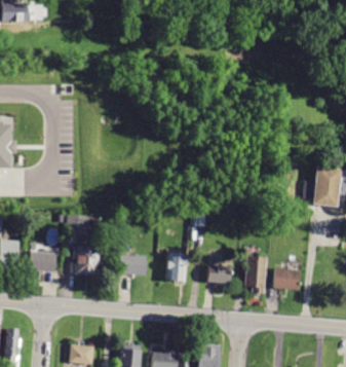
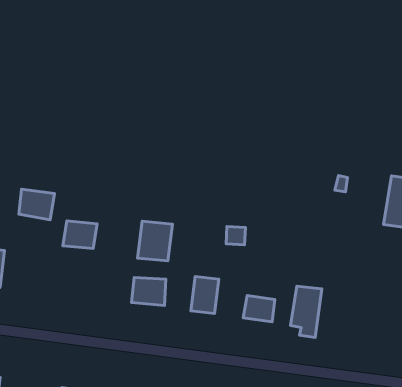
building: [74,245,100,274] -> [138,221,173,261]
building: [29,250,55,272] -> [19,189,54,220]
building: [274,267,300,290] -> none

